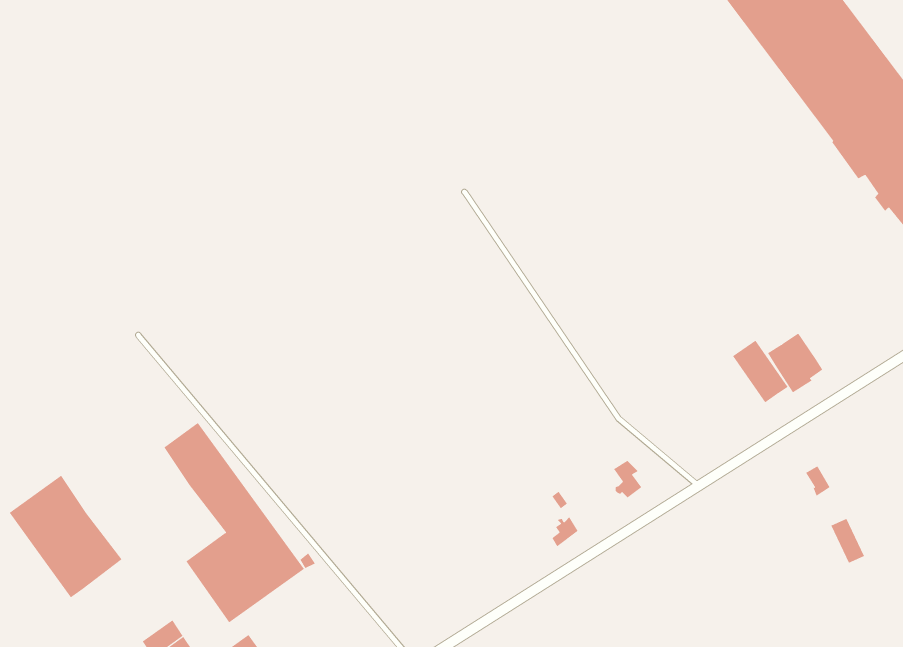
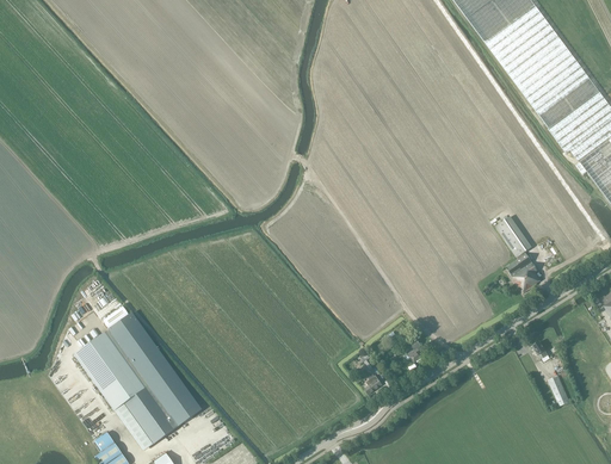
building: [732,340,788,403] -> [495,215,532,256]
building: [9,475,123,598] -> [74,328,149,409]

